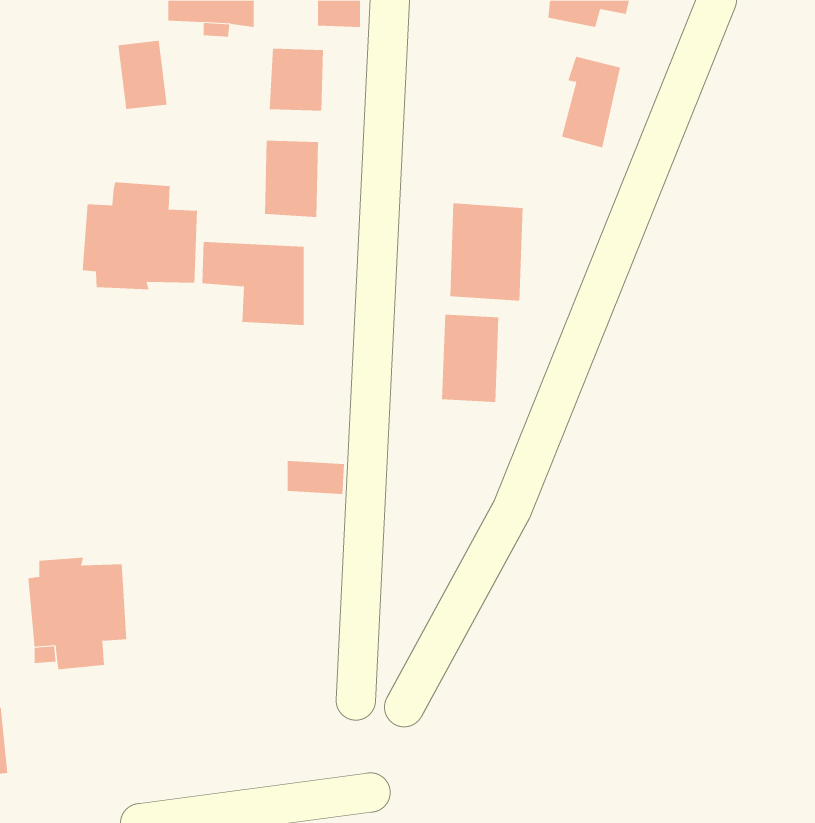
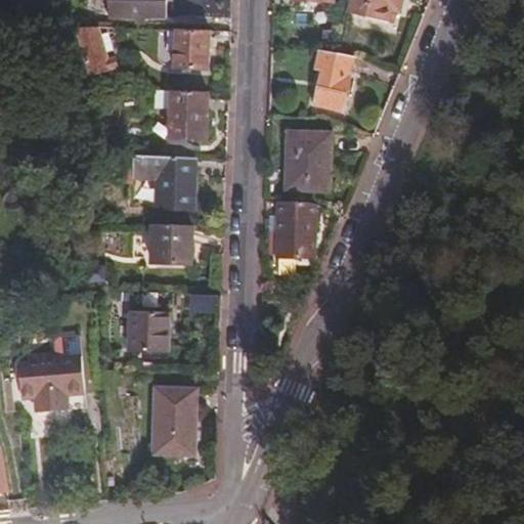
building: [561,56,621,148] -> [313,51,351,110]
building: [82,181,198,290] -> none
building: none -> [151,223,191,263]
building: none -> [130,312,168,351]
building: none -> [152,390,195,455]

